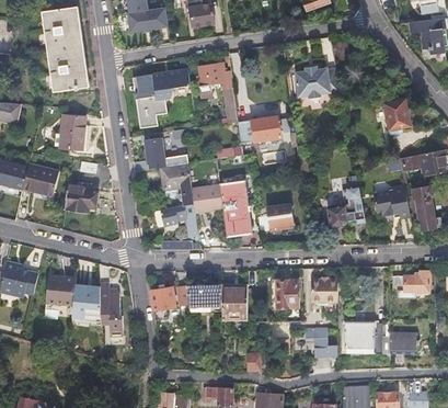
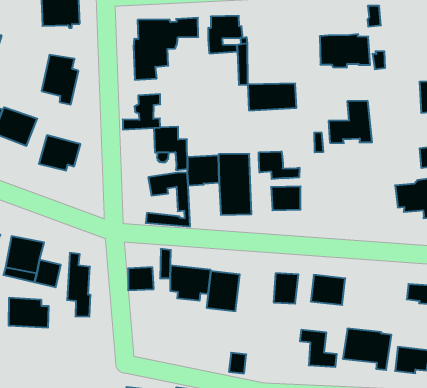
building: none -> [259,151,299,179]
building: [326,188,366,227] -> [329,101,372,143]
building: none -> [9,298,49,328]

